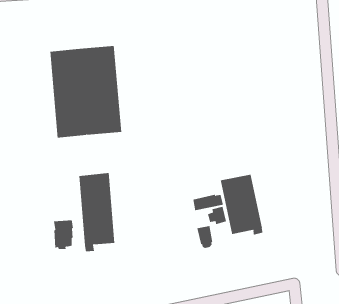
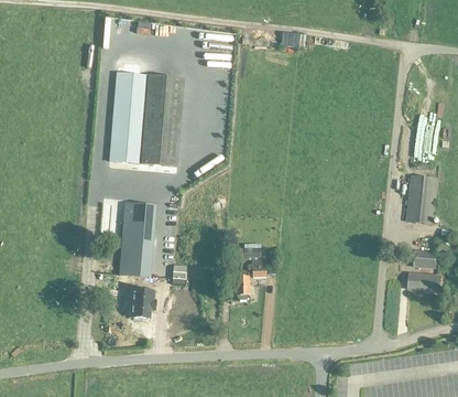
building: [220,174,263,235] -> none
building: [53,220,74,250] -> [130,289,153,320]

